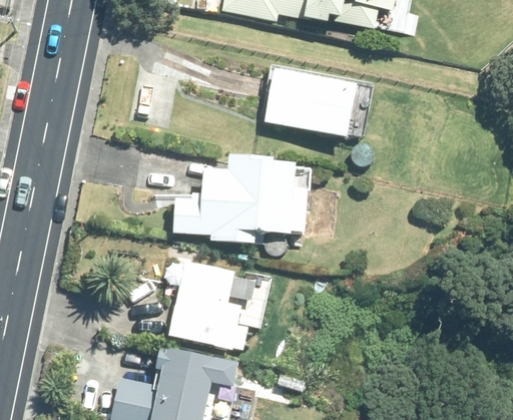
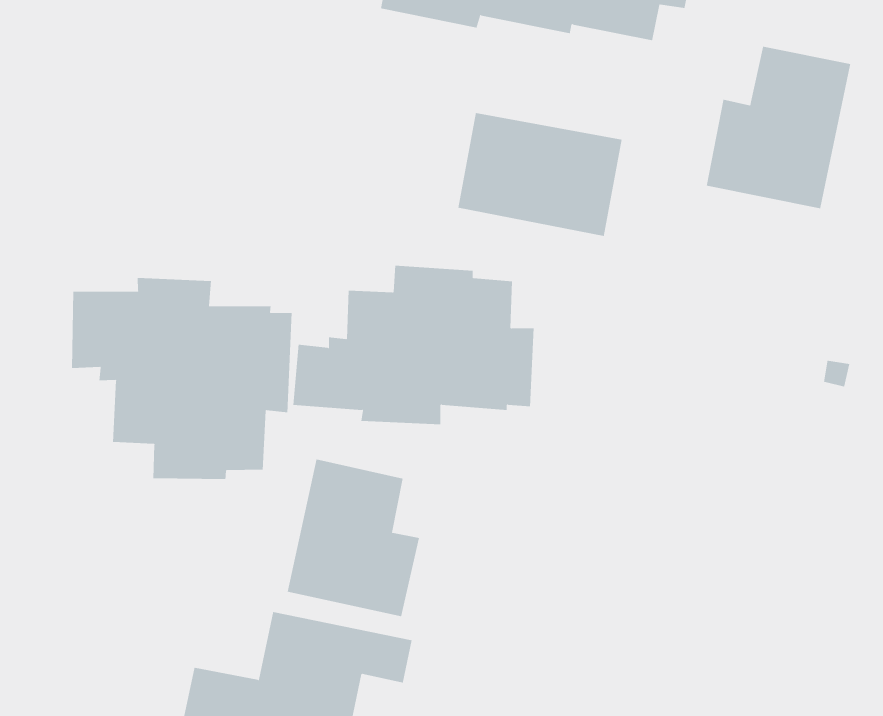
building: none -> [706,46,851,209]
building: none -> [72,277,292,480]

